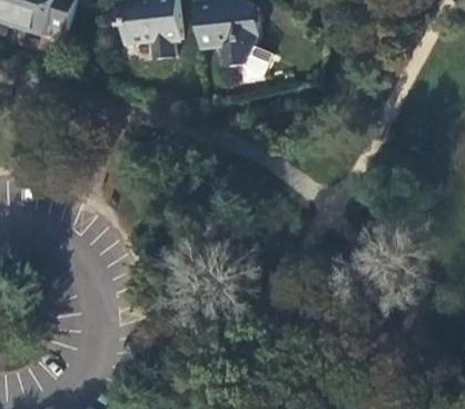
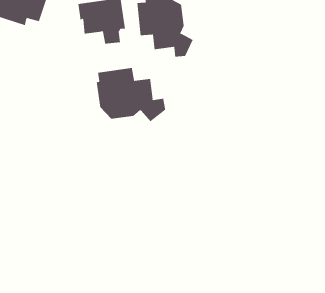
building: none -> [96,67,166,122]

